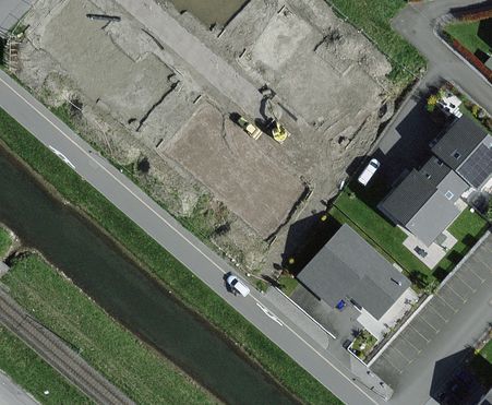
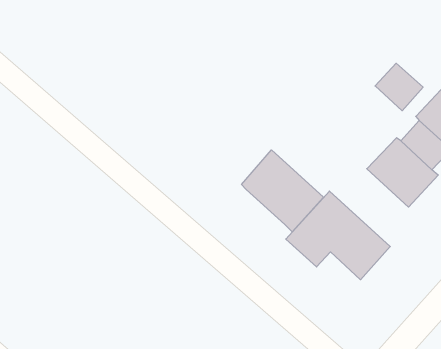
building: none -> [375,63,423,111]
building: none -> [242,150,323,232]

